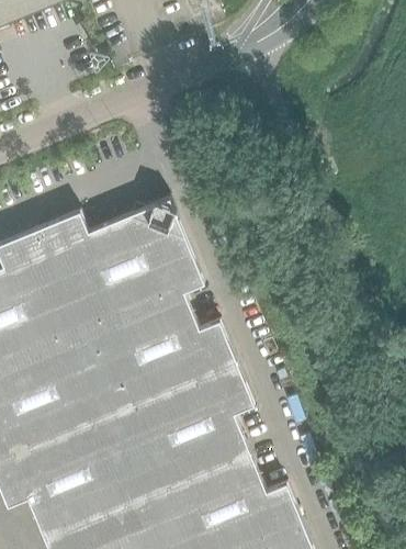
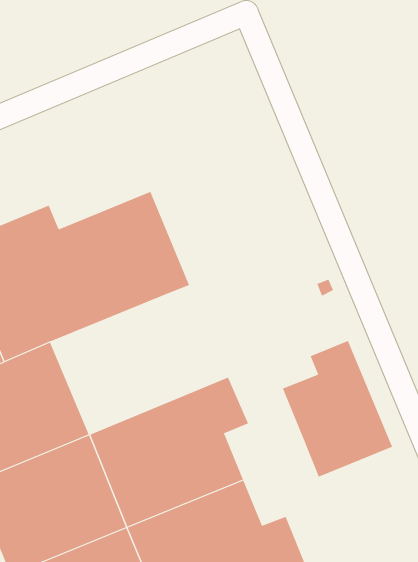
building: [80,291,236,414] -> none
building: none -> [282,340,393,478]

